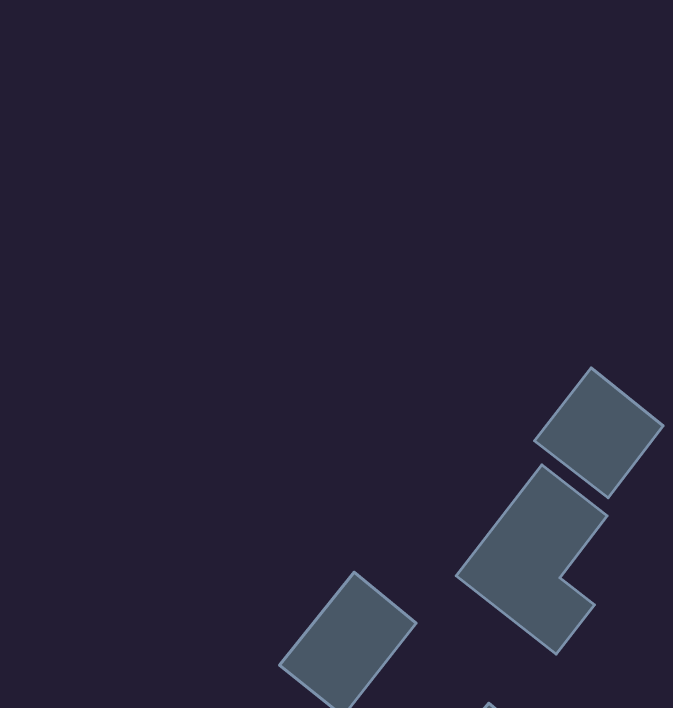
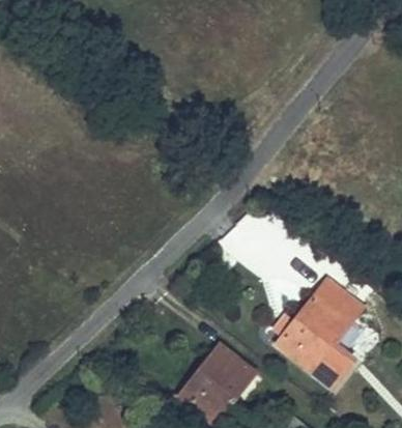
building: [534,368,663,498] -> none

